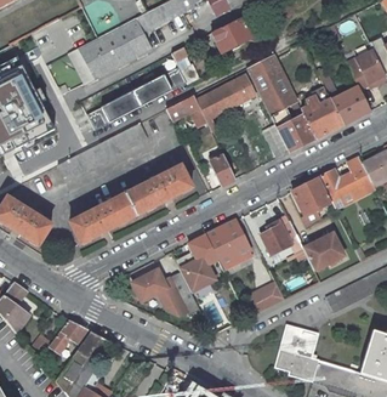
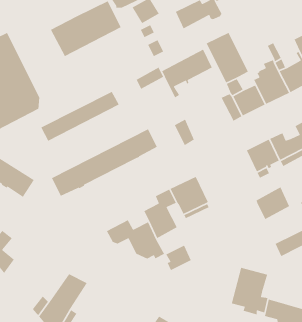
building: [86,75,166,129] -> none
building: [261,215,305,255] -> none
building: [254,280,284,311] -> [165,245,192,271]
building: [49,319,86,352] -> none

